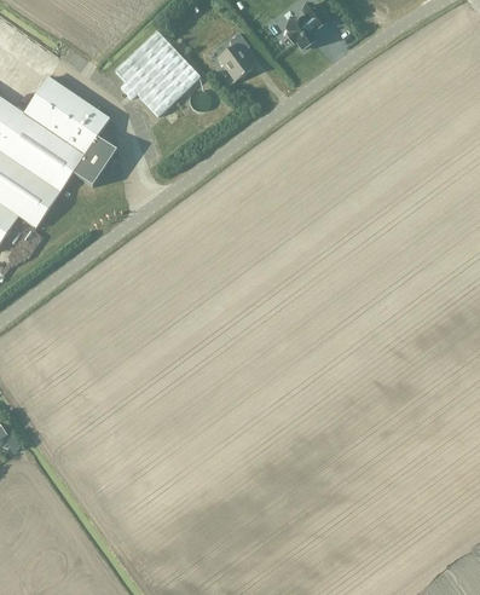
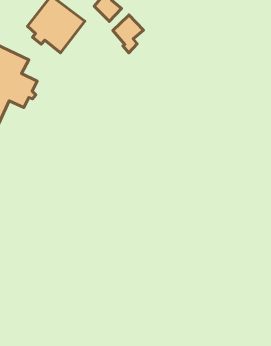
building: none -> [113,15,143,53]

